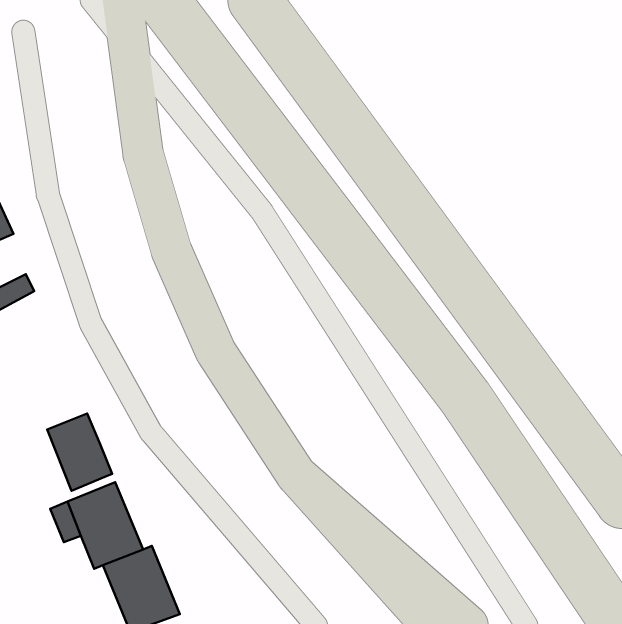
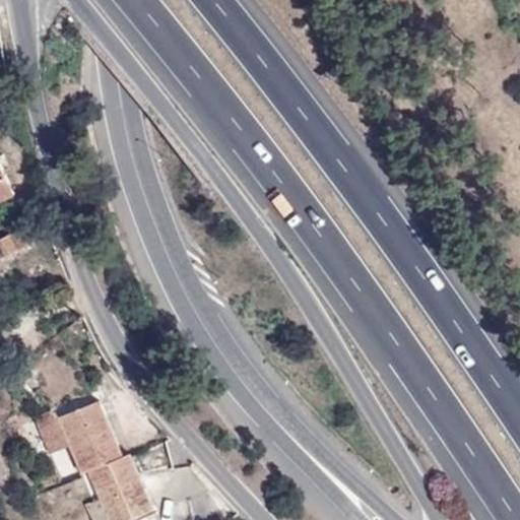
building: [47,413,112,491] -> none

